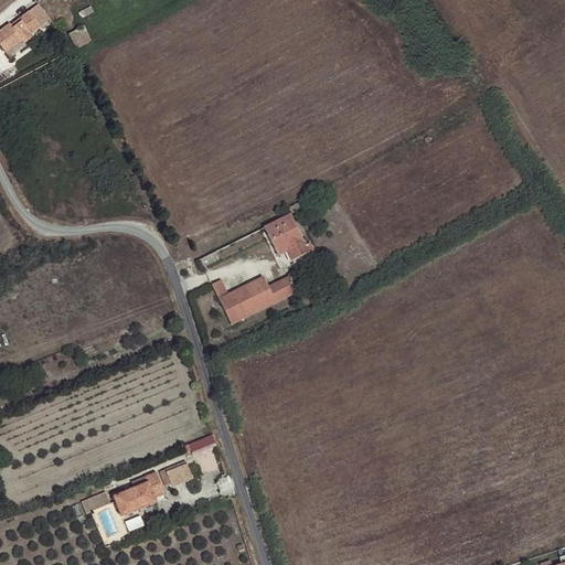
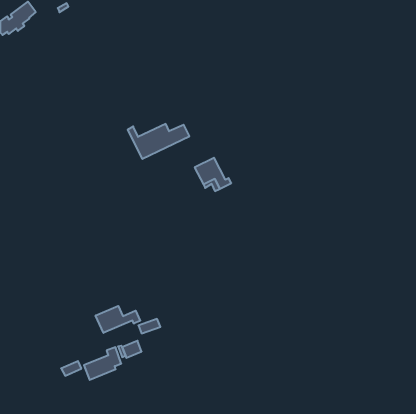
building: [212,276,296,323] -> [128,124,189,159]
building: none -> [96,306,140,333]

